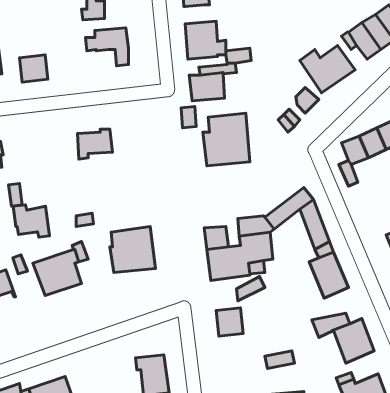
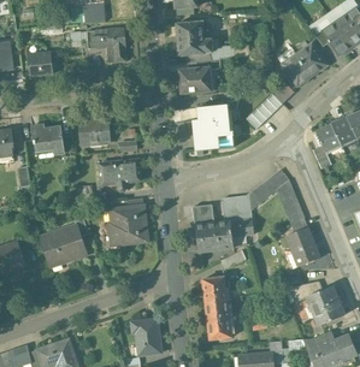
building: none -> [99,159,138,180]
building: [13,205,50,237] -> [30,124,63,153]
building: none -> [205,300,230,339]

